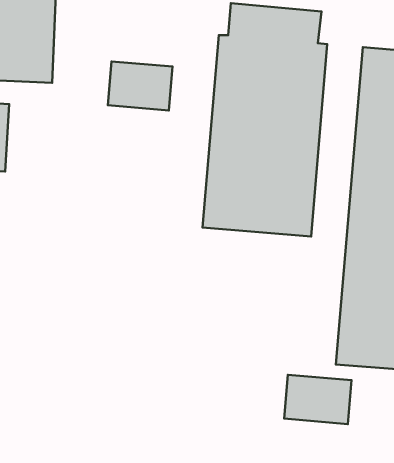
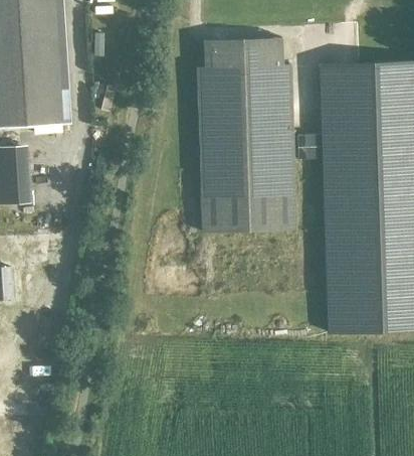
building: [108,61,173,110] -> none
building: [284,375,352,424] -> none

